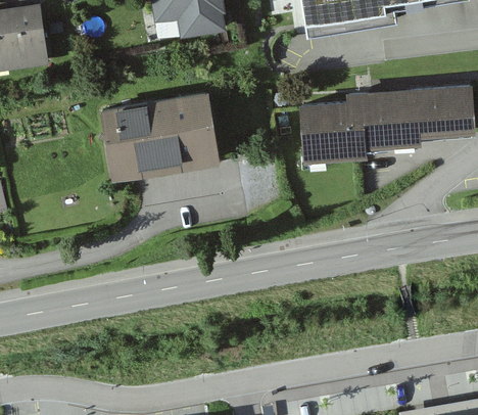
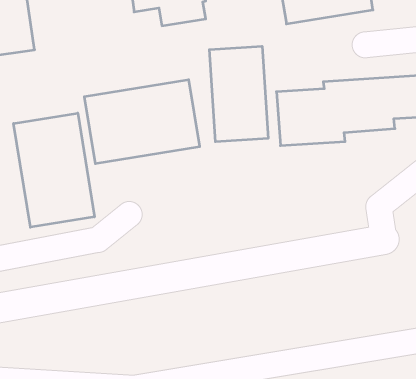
building: none -> [209,46,268,142]
building: none -> [14,113,94,227]

